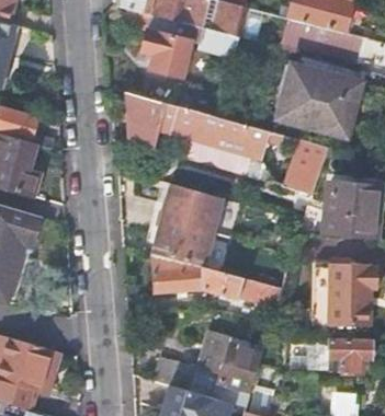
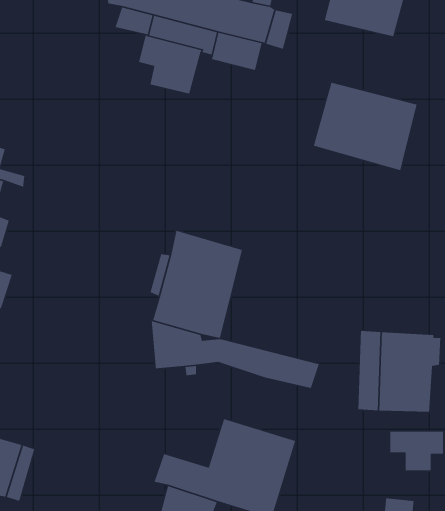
building: [280,18,369,61] -> none
building: [125,91,327,195] -> none
building: [328,182,377,240] -> none

